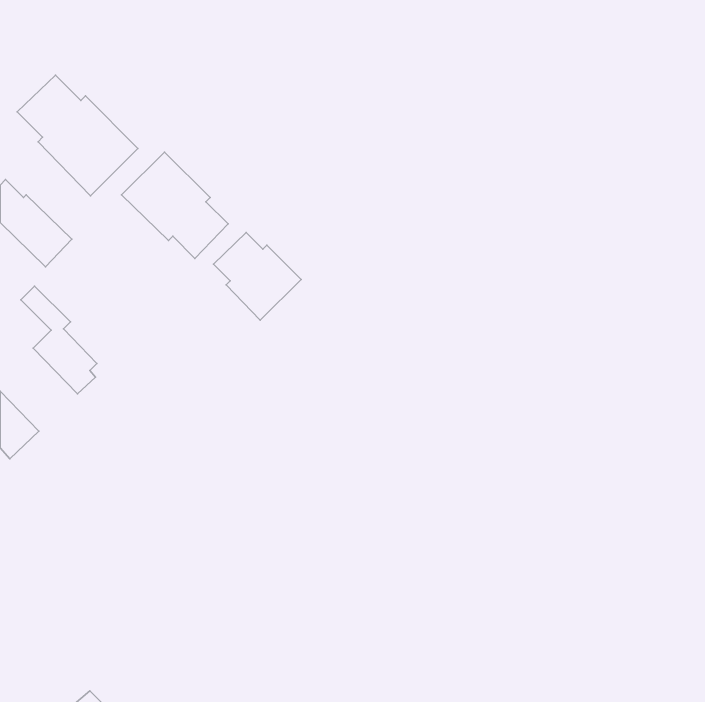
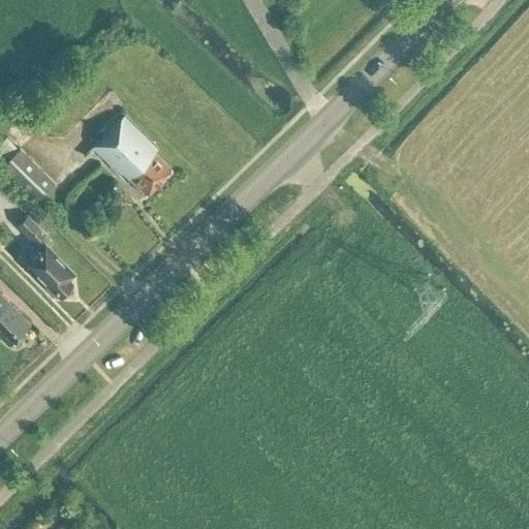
building: [17,75,138,196] -> none
building: [214,233,301,320] -> none

